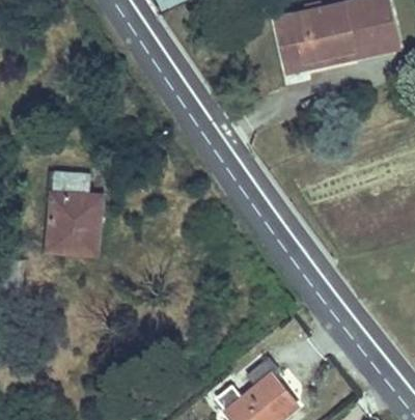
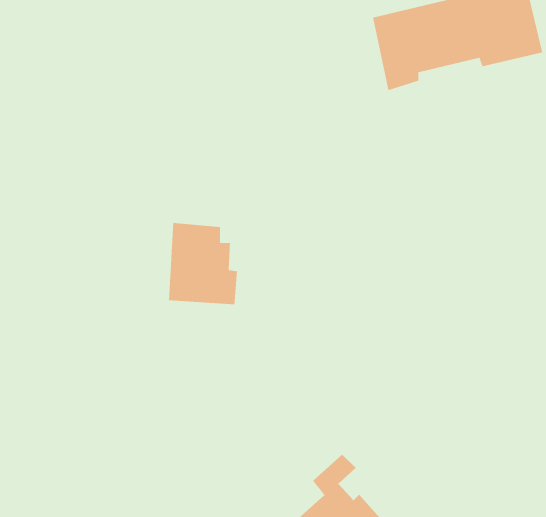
building: [47,192,98,252] -> [168,222,238,305]

